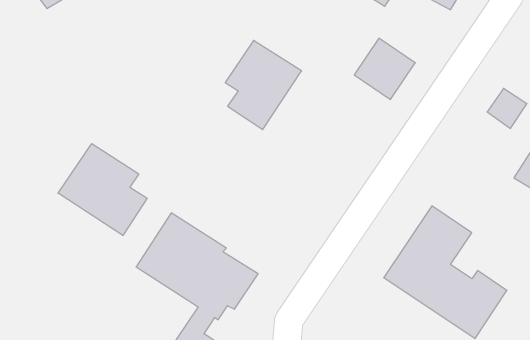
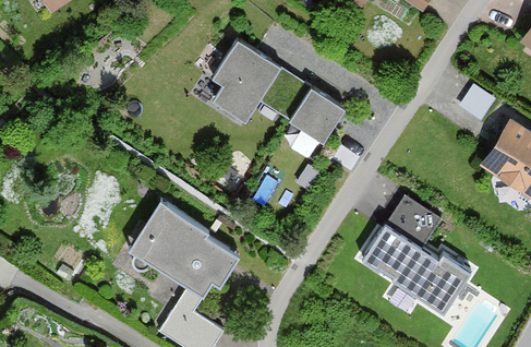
building: [354,38,415,99] -> [290,86,347,143]
building: [58,144,147,236] -> none

